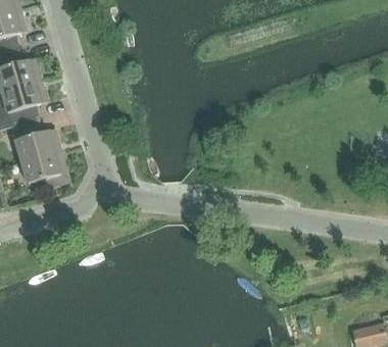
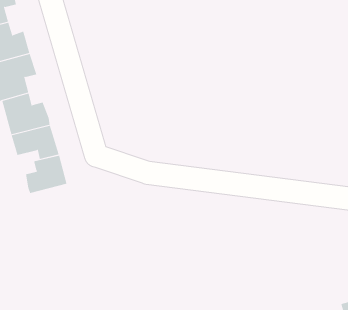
building: none -> [26,155,67,194]

